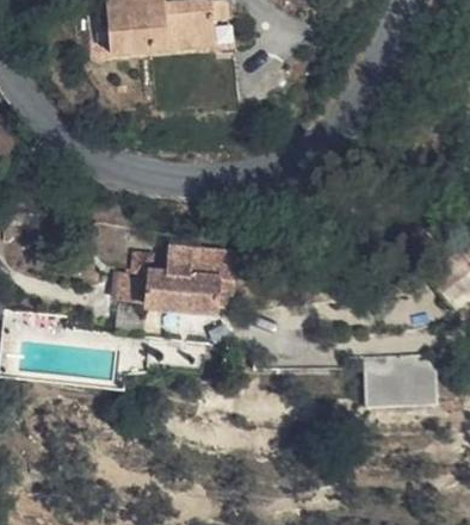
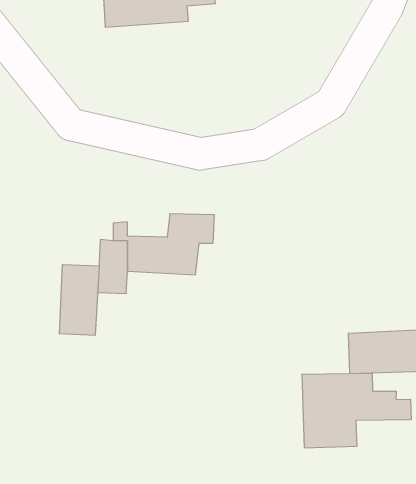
building: none -> [60,264,99,335]
building: none -> [302,373,411,448]

